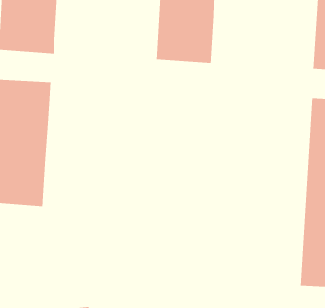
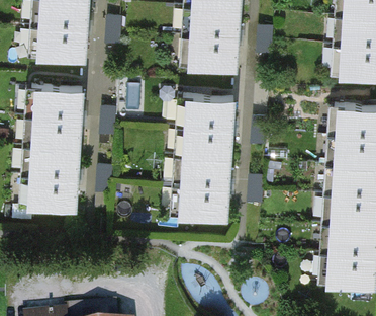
building: none -> [173,95,234,222]

